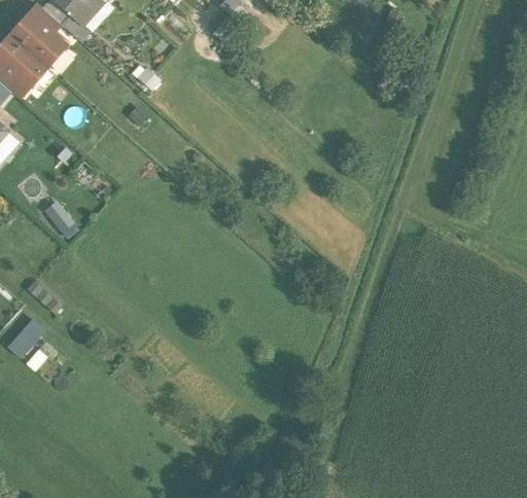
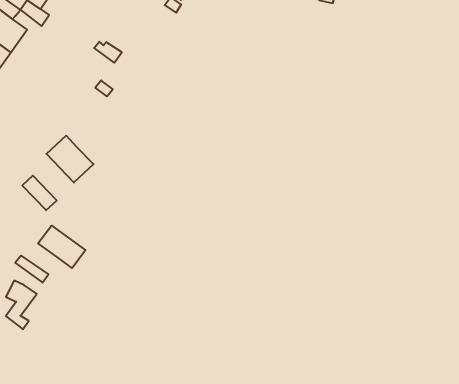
building: none -> [46,136,94,183]
building: none -> [38,226,85,268]

